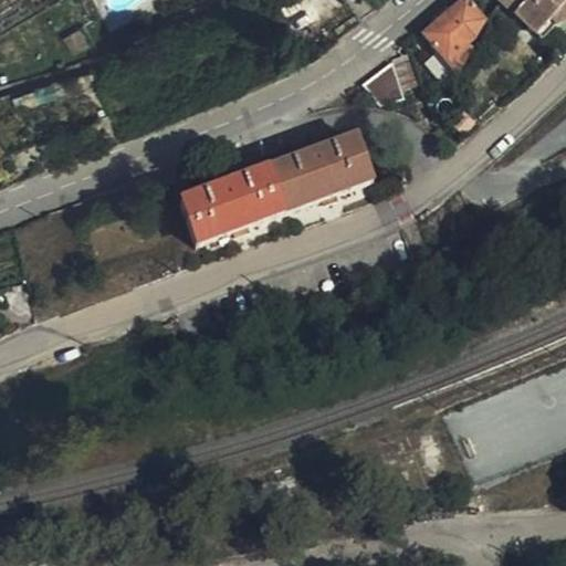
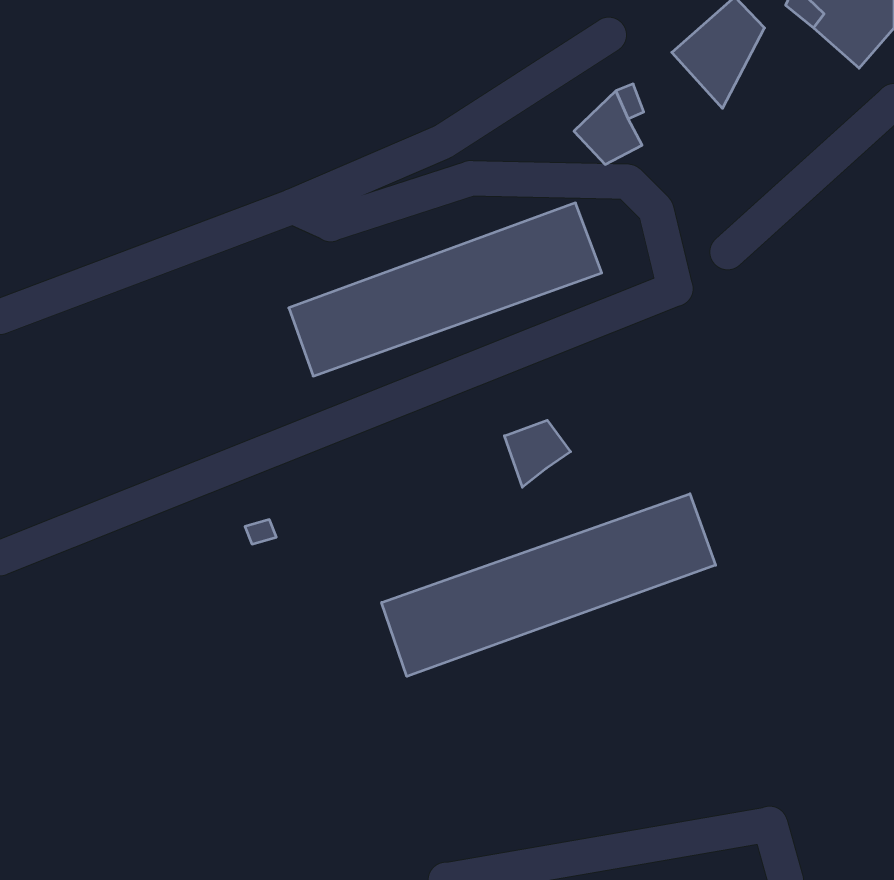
building: none -> [504,420,571,487]
building: none -> [382,494,716,676]

